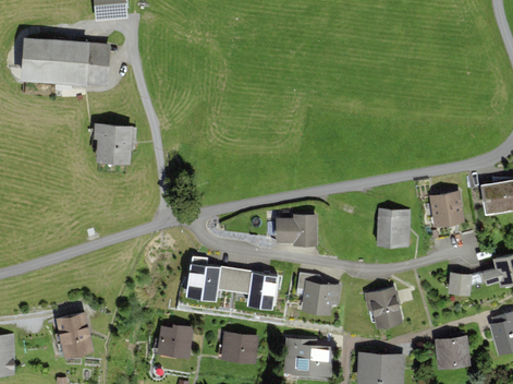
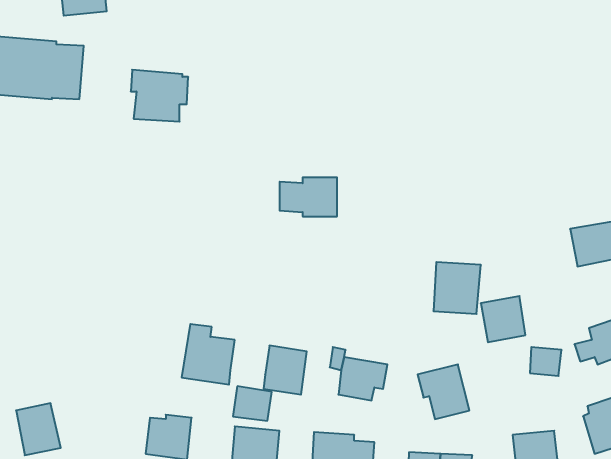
building: [94,123,137,163] -> [131,70,188,122]
building: [430,191,464,226] -> [481,296,525,342]
building: [276,214,319,243] -> [280,177,337,216]
building: [222,267,252,293] -> [233,386,272,421]

